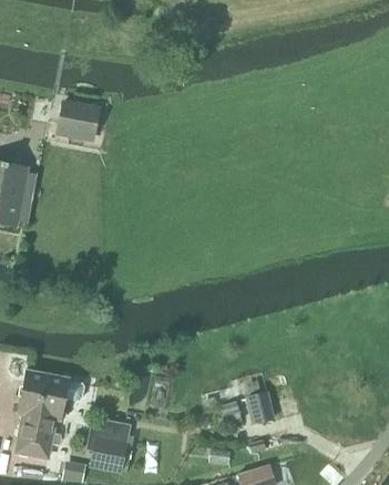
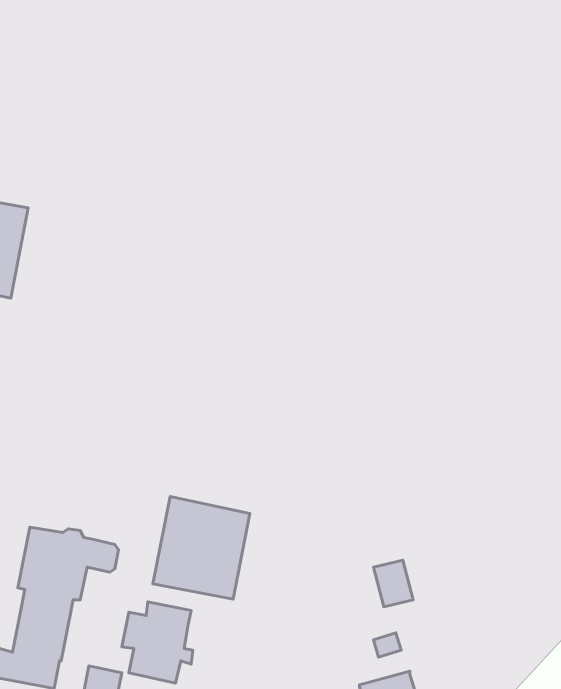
building: [55,100,100,142] -> none
building: none -> [153,497,250,599]

